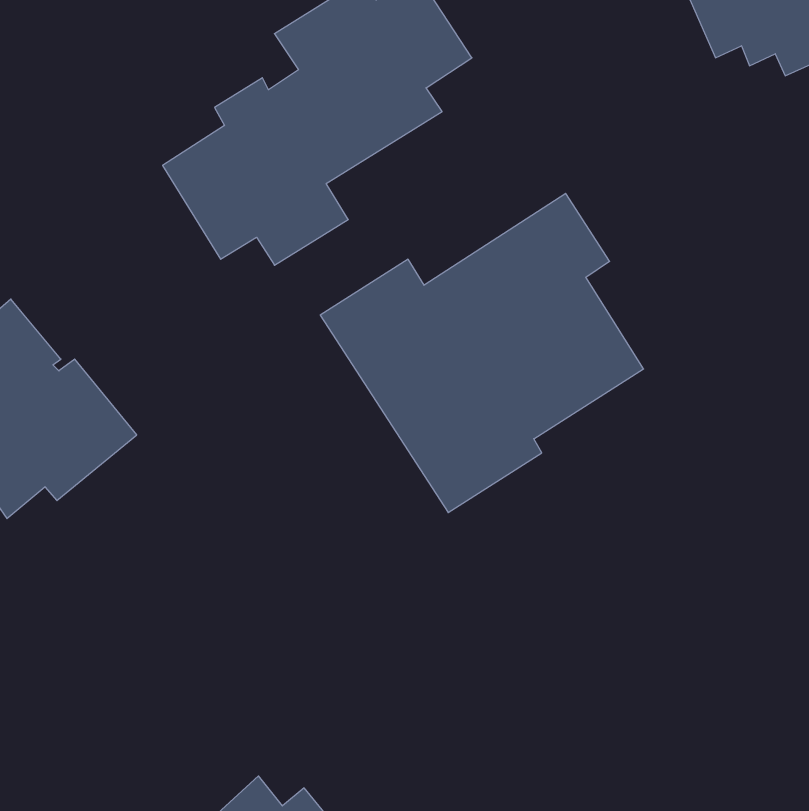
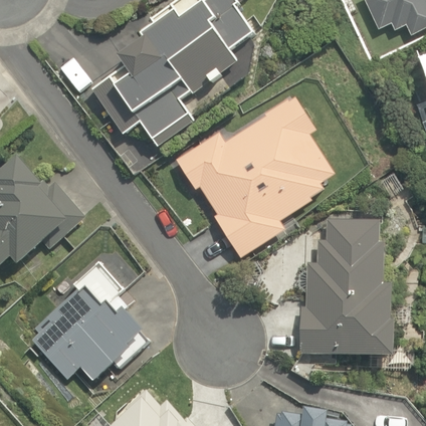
building: none -> [296,219,400,365]
building: none -> [31,261,146,380]

